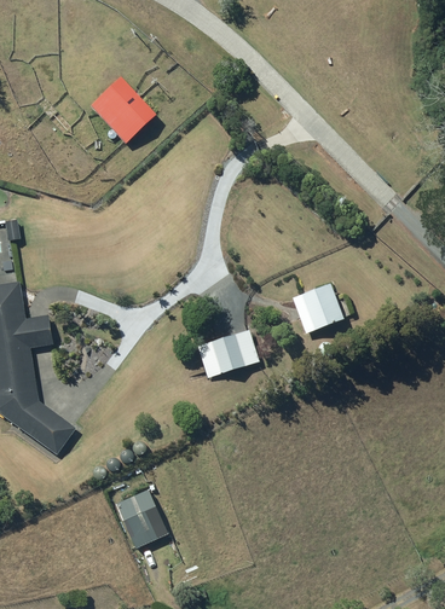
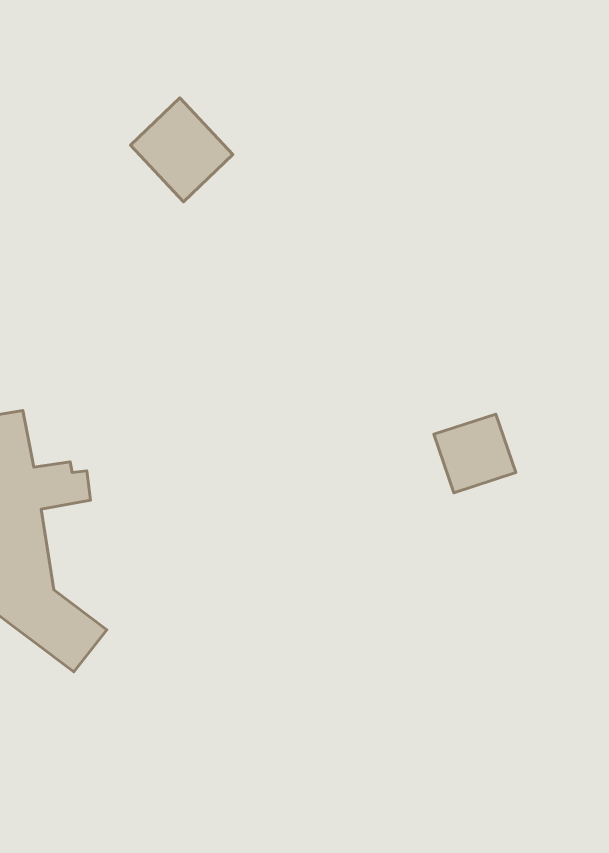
building: [198,329,260,377] -> none
building: [115,485,173,550] -> none

